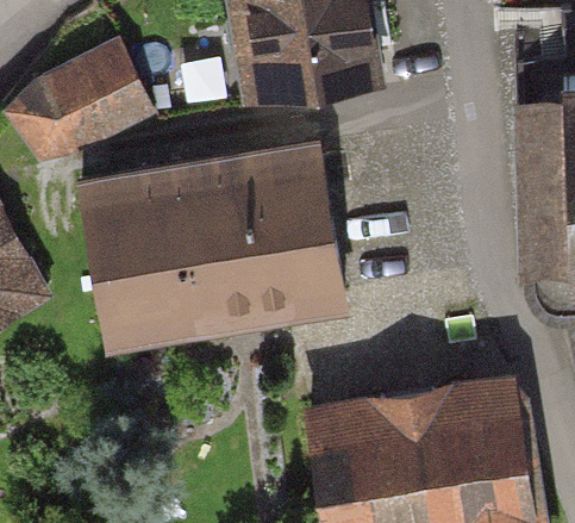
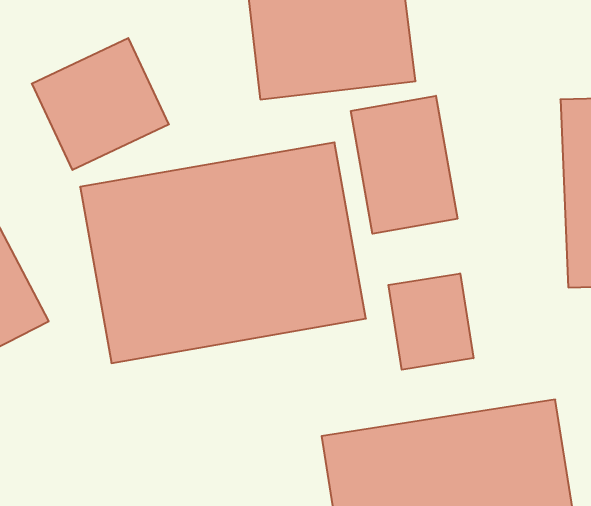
building: none -> [351,96,457,234]
building: none -> [388,273,473,370]

